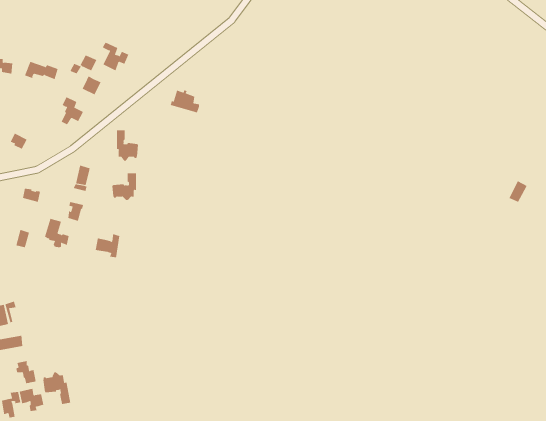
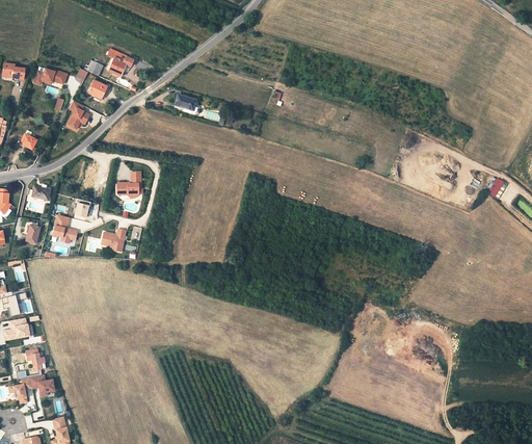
building: [116,130,139,161] -> none
building: [43,372,71,405] -> none

